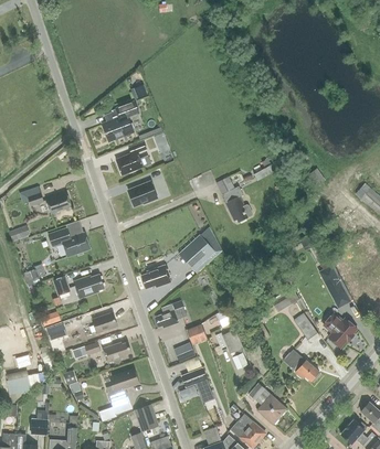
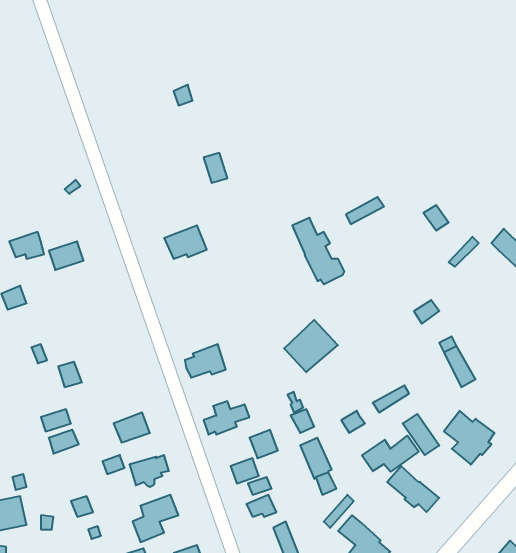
building: [103,100,139,140] -> none
building: [116,140,151,173] -> none
building: [49,227,91,256] -> none
building: [178,234,215,270] -> [284,320,338,372]
building: [73,274,104,297] -> none
building: none -> [362,436,419,472]

